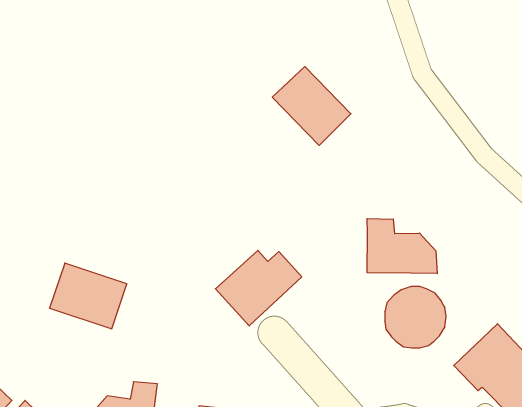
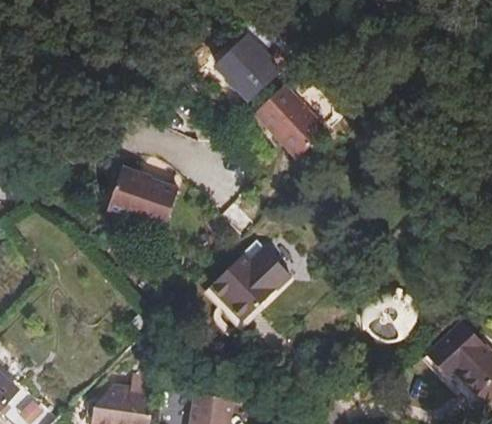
building: none -> [217,29,289,101]
building: [367,219,437,274] -> none
building: [49,263,127,329] -> [105,167,176,227]

